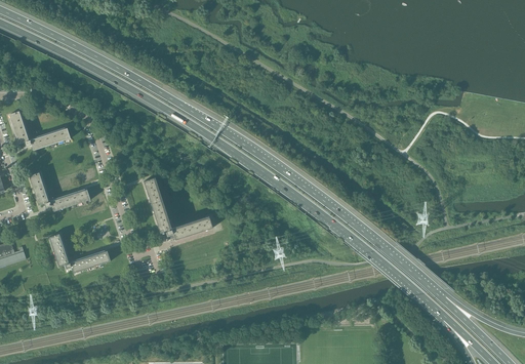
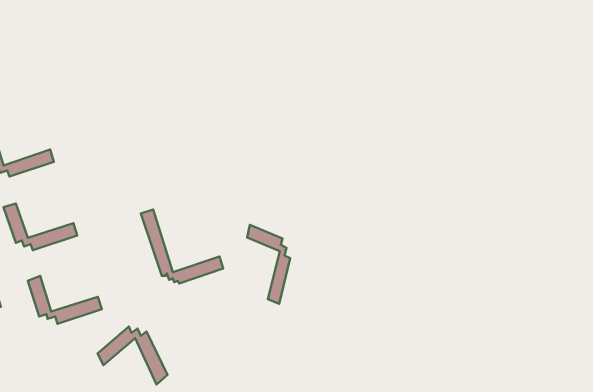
building: none -> [247,225,290,304]
building: none -> [98,326,167,384]

